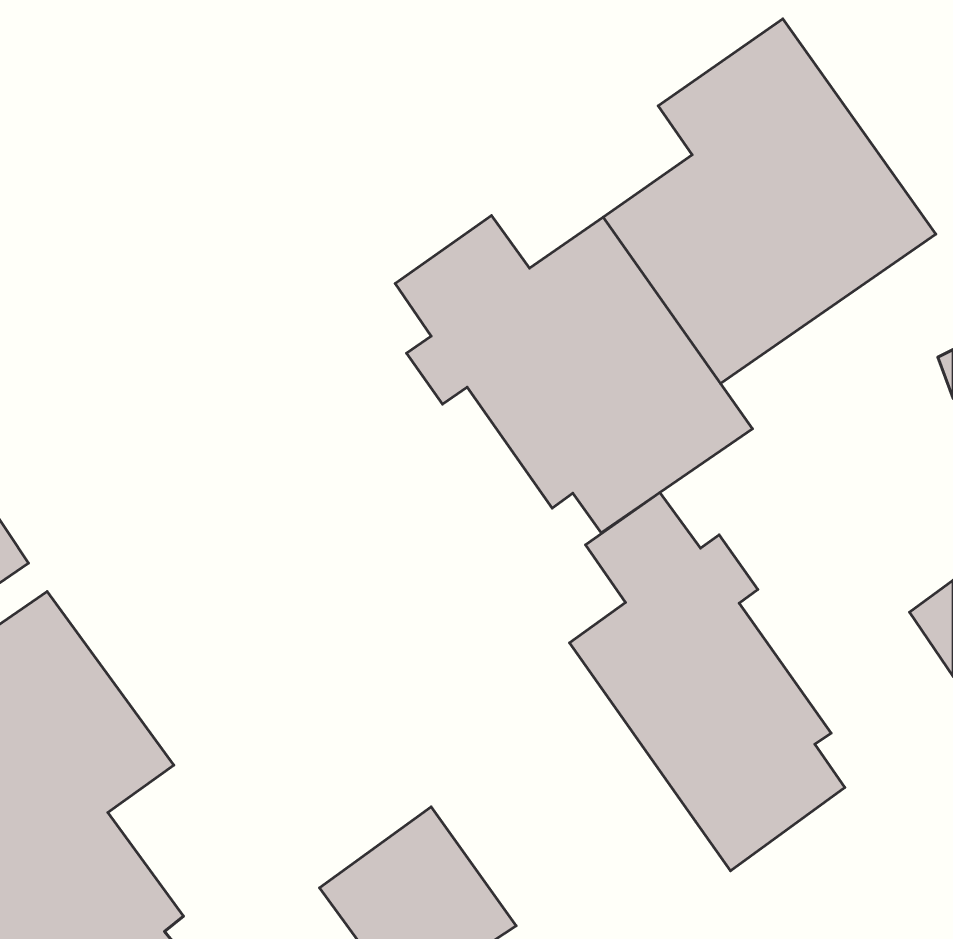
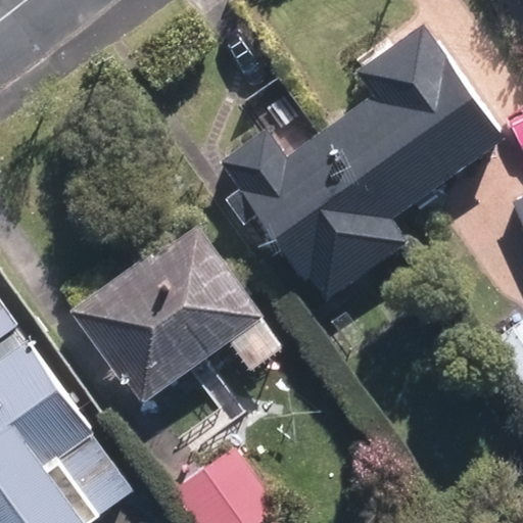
building: none -> [65,216,267,397]
building: [569,493,845,871] -> none

